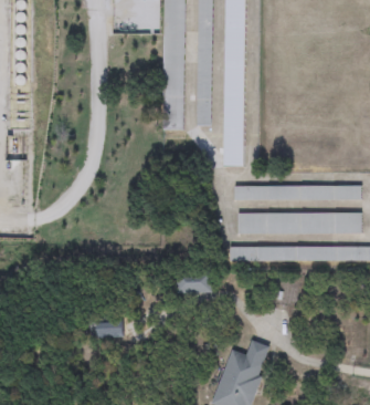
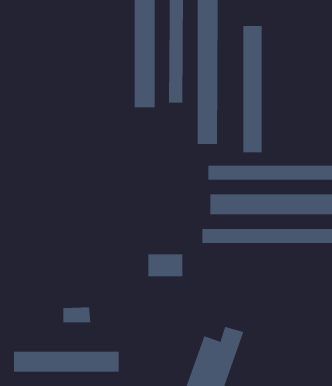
building: none -> [243,25,262,153]
building: none -> [14,351,119,372]

